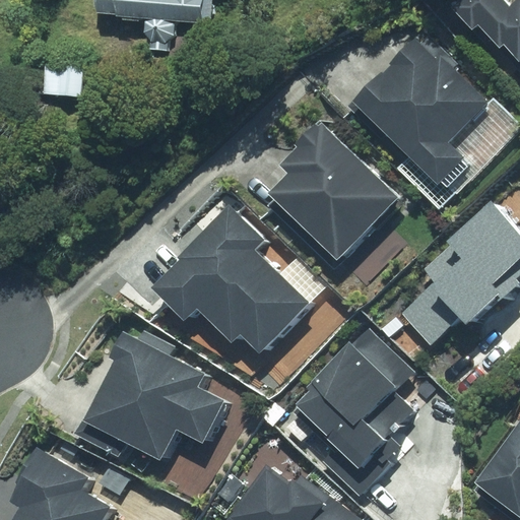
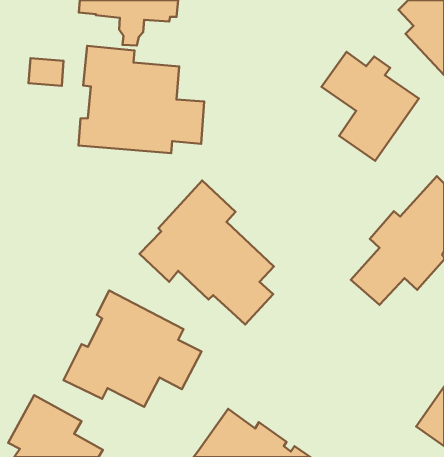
building: none -> [78,46,204,153]
building: [272,121,399,258] -> none
building: [299,327,410,475] -> none

